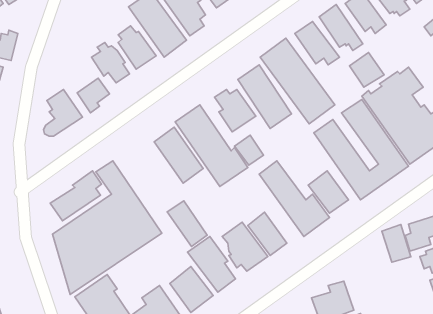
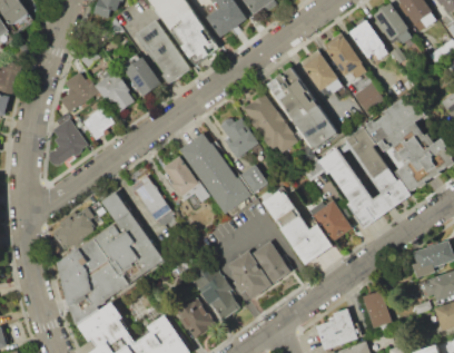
building: none -> [57,72,97,115]
building: [167,201,207,246] -> [130,175,170,220]
building: [382,224,411,262] -> [362,290,391,327]

